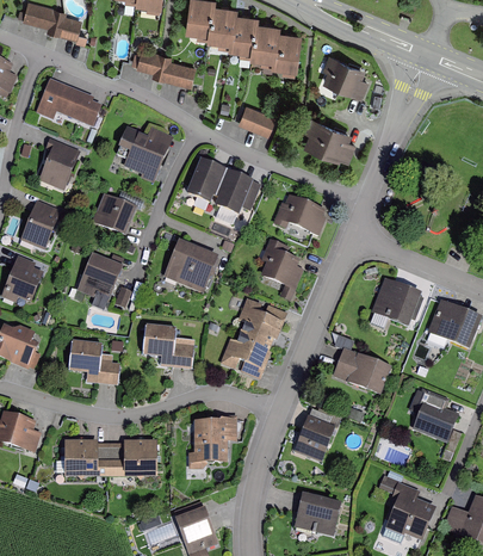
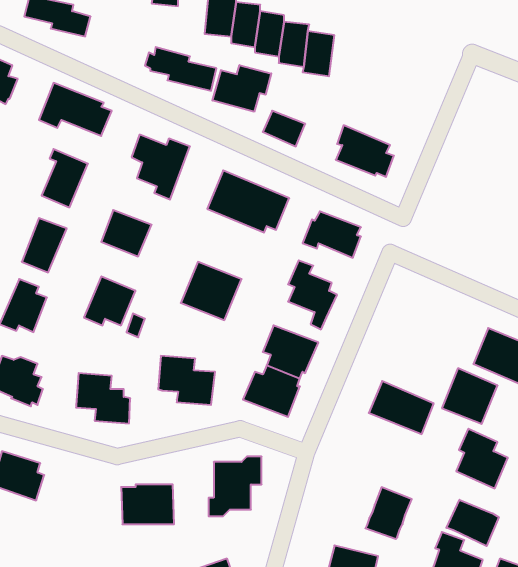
building: [322,56,369,99] -> none
building: none -> [212,65,271,112]
building: [371,277,421,327] -> [442,368,498,424]
building: [293,415,335,462] -> [365,487,412,539]
building: [64,440,111,476] -> none
building: none -> [446,500,499,546]

